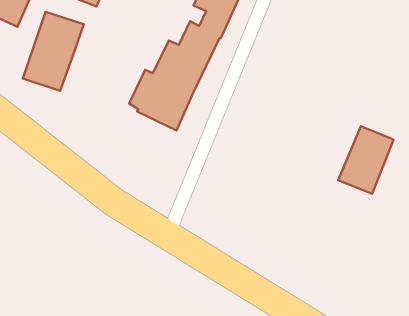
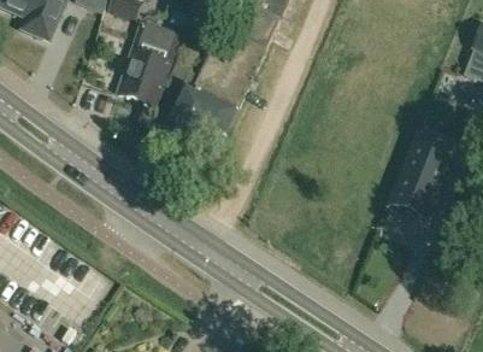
building: [23,12,84,91] -> [118,20,183,105]

